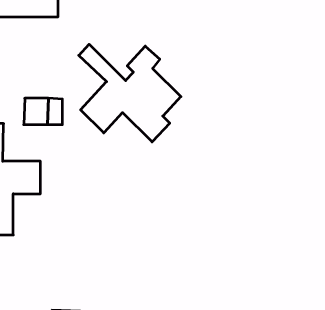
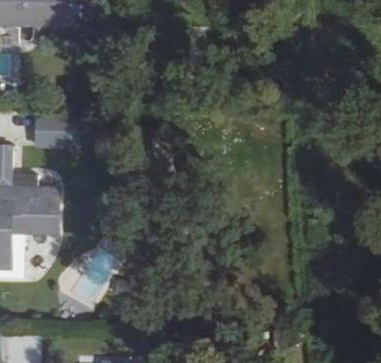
building: [79,44,181,142] -> none

